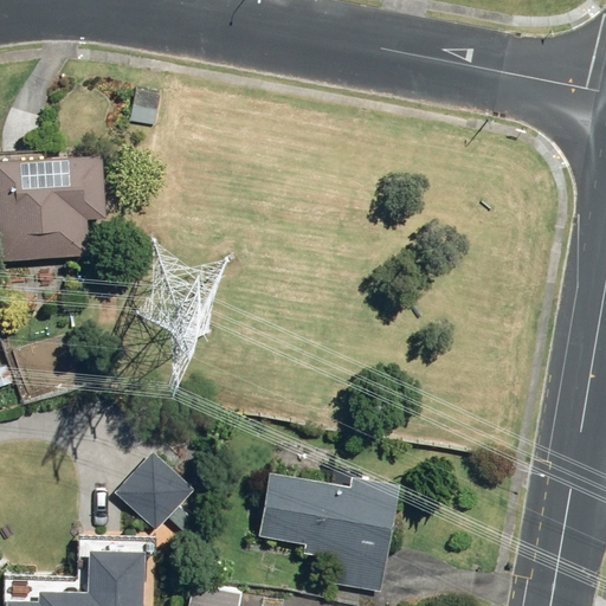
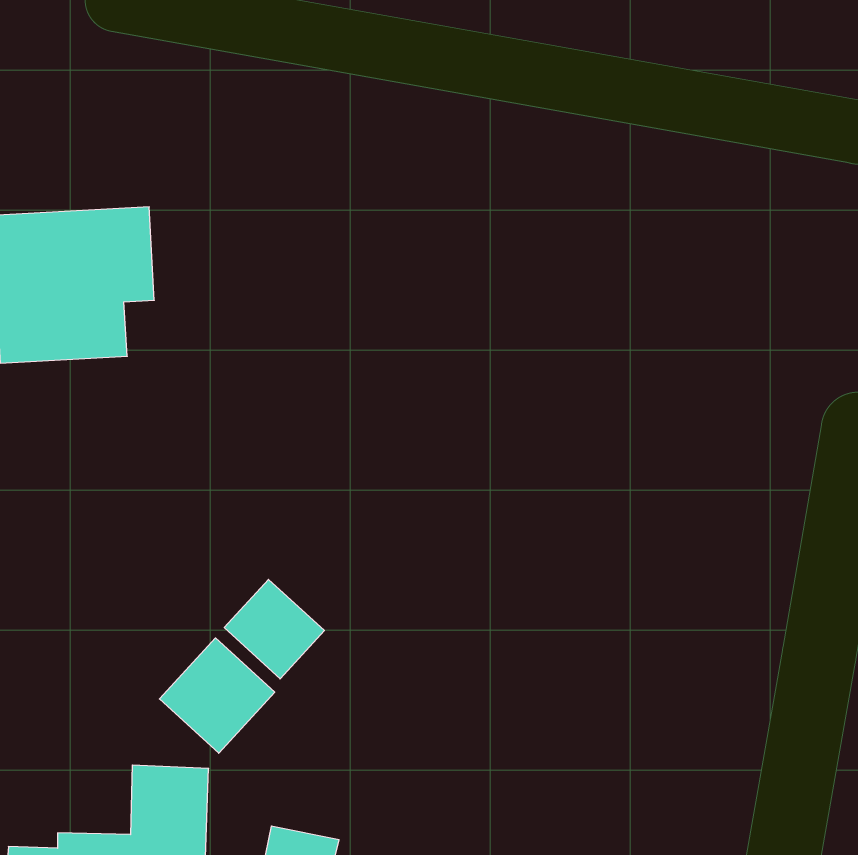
building: none -> [224,579,324,679]
building: [257,472,399,595] -> none

